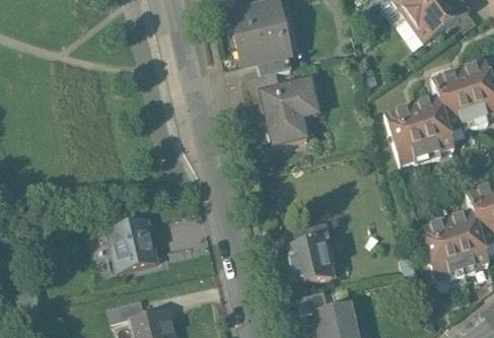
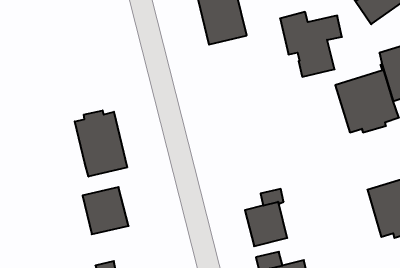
building: [250,74,317,145] -> [280,12,342,77]
building: none -> [75,110,127,177]

